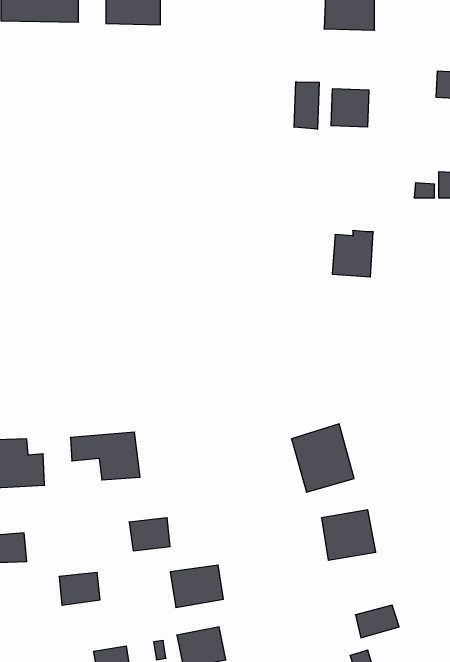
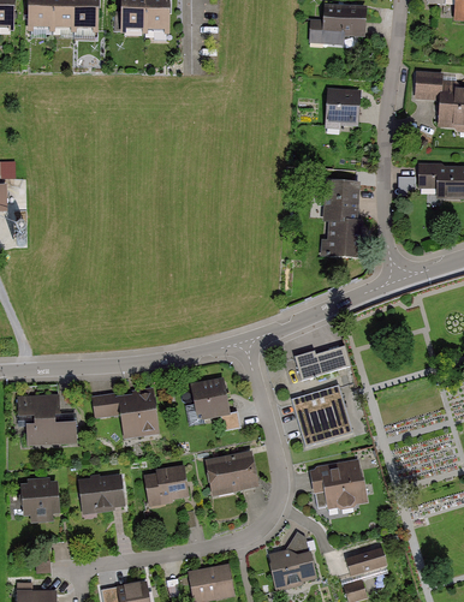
building: [294,82,319,129] -> none
building: none -> [322,178,359,220]
building: none -> [293,345,345,379]
building: none -> [190,382,225,416]
building: [170,565,223,607] -> [208,455,255,493]
building: [59,572,100,605] -> [84,475,120,503]
building: none -> [270,535,316,584]

